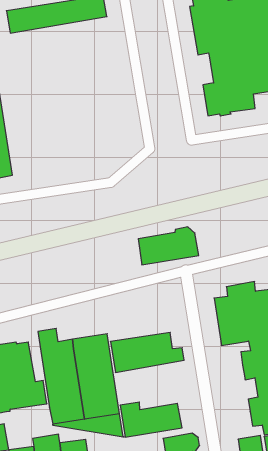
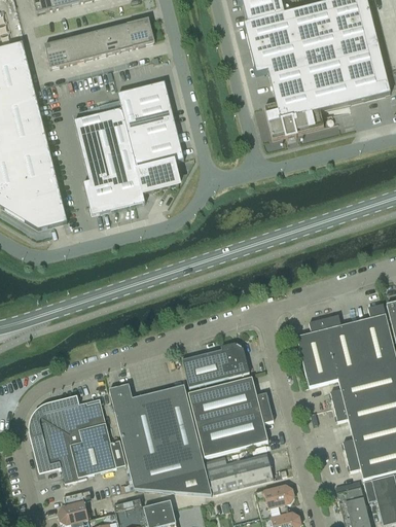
building: none -> [74,81,183,214]
building: [138,227,199,265] -> [182,341,249,386]
building: none -> [196,405,274,455]

